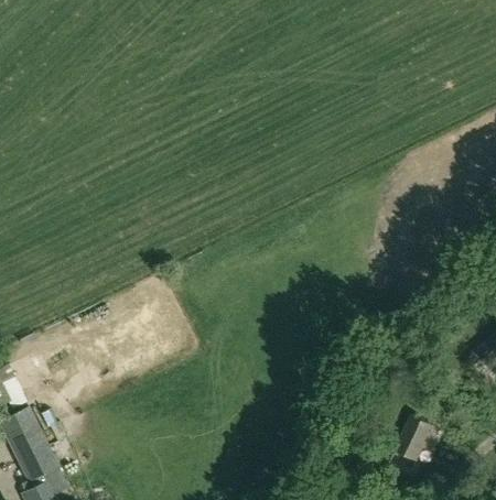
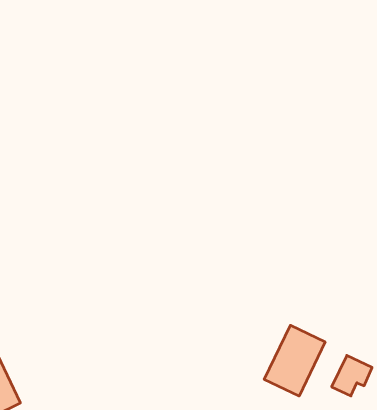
building: none -> [264,325,325,396]

